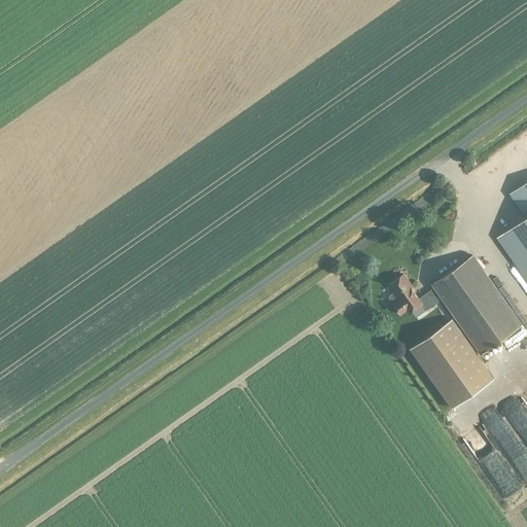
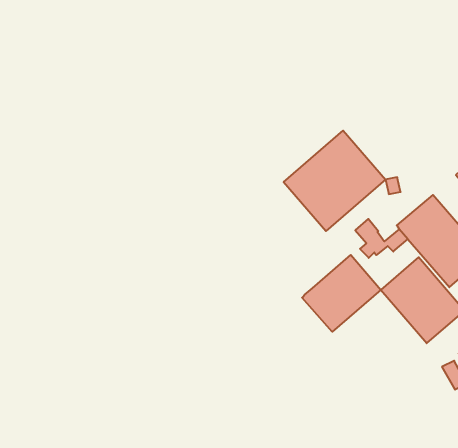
building: none -> [284,131,385,231]
building: none -> [302,255,381,332]

